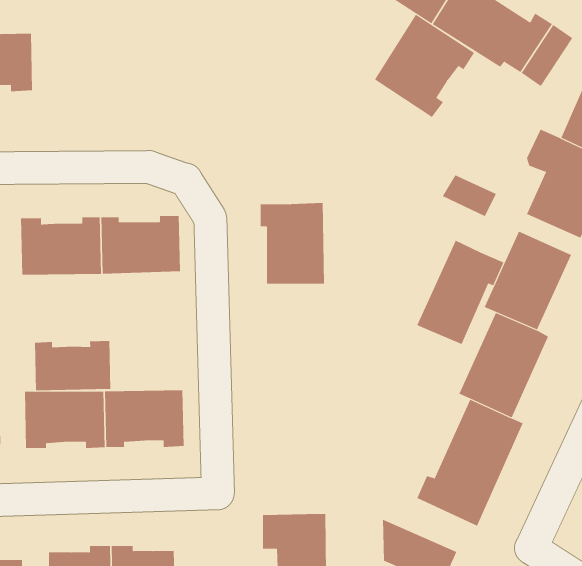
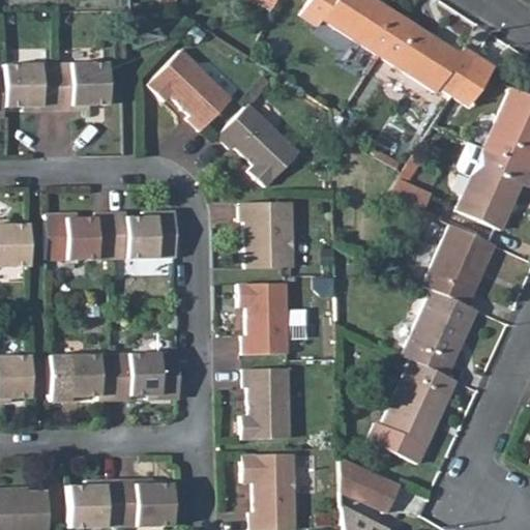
building: [374,14,475,118] -> none
building: none -> [149,51,234,131]
building: none -> [56,63,109,110]
building: none -> [217,104,301,186]
building: [417,240,504,345] -> none
building: none -> [239,284,289,354]
building: [34,340,111,391] -> none
building: none -> [242,367,292,440]

